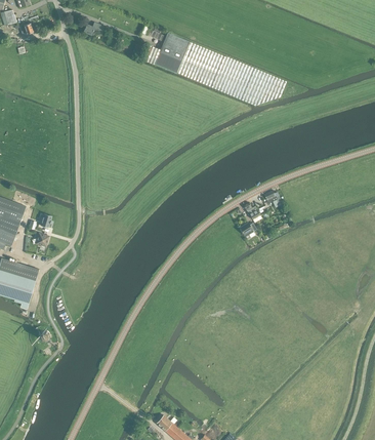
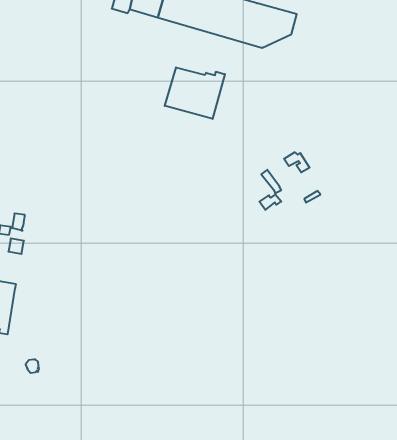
building: none -> [165,67,225,119]

